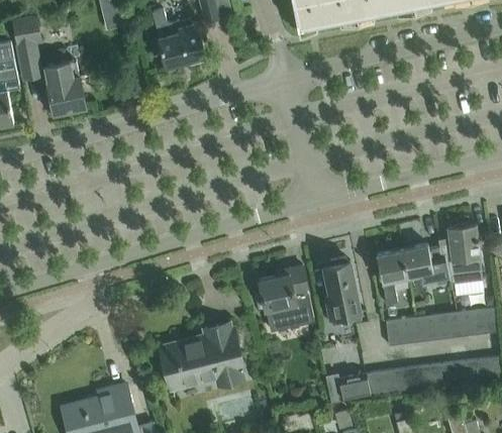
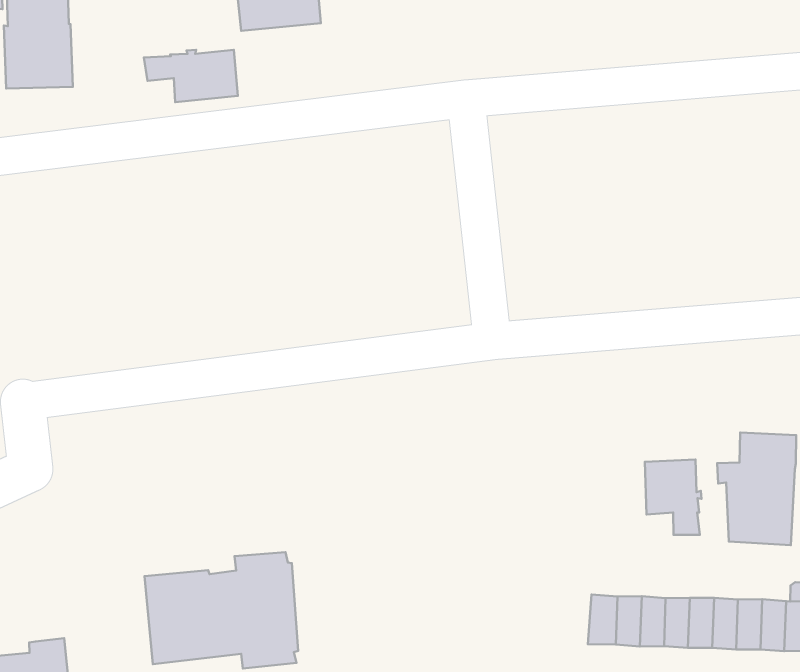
building: none -> [144,50,238,102]
building: [376,250,407,305] -> none
building: [323,257,362,326] -> none
building: [259,266,313,330] -> none

